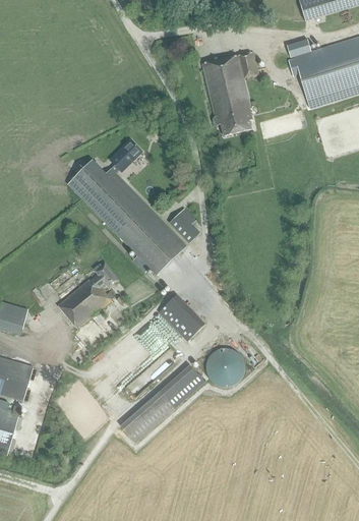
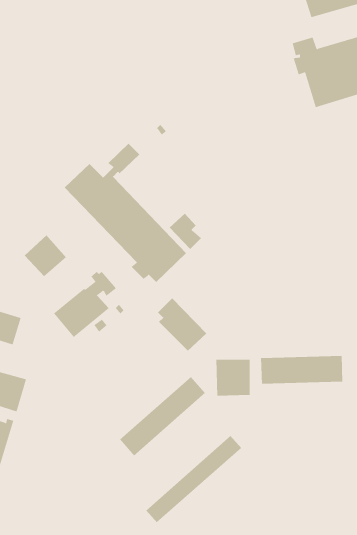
building: [201,52,255,135] -> none
building: none -> [24,234,67,277]
building: none -> [261,355,343,384]
building: none -> [145,435,242,523]

